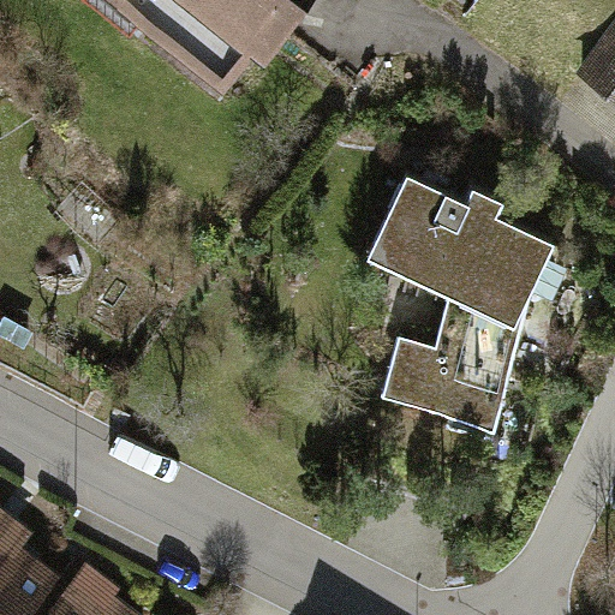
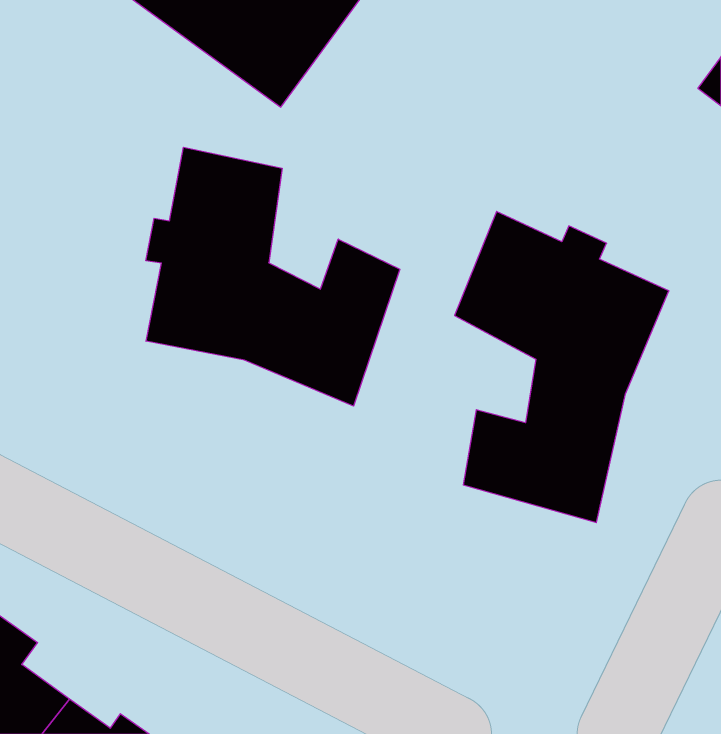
building: none -> [146,147,400,406]

